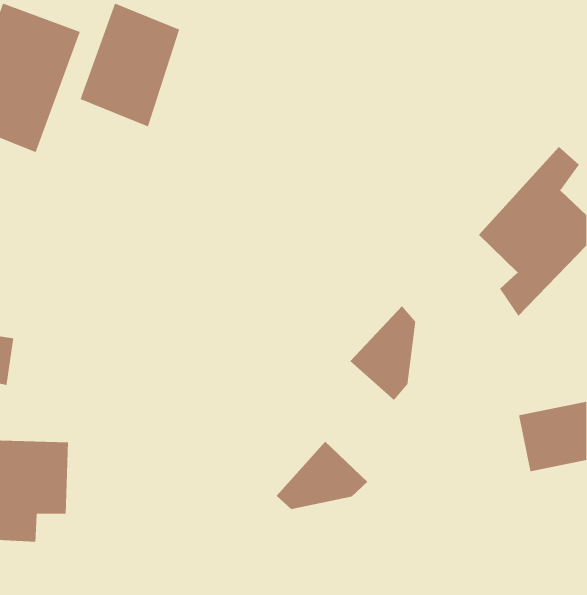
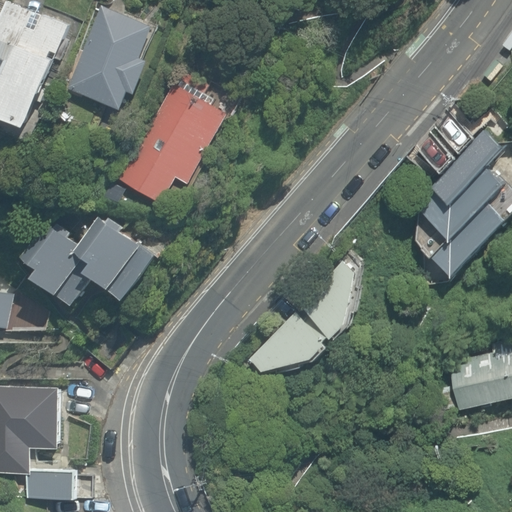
building: none -> [118,77,224,203]
building: none -> [26,219,162,312]
building: [276,441,368,510] -> [252,315,331,374]
building: none -> [27,473,78,501]

